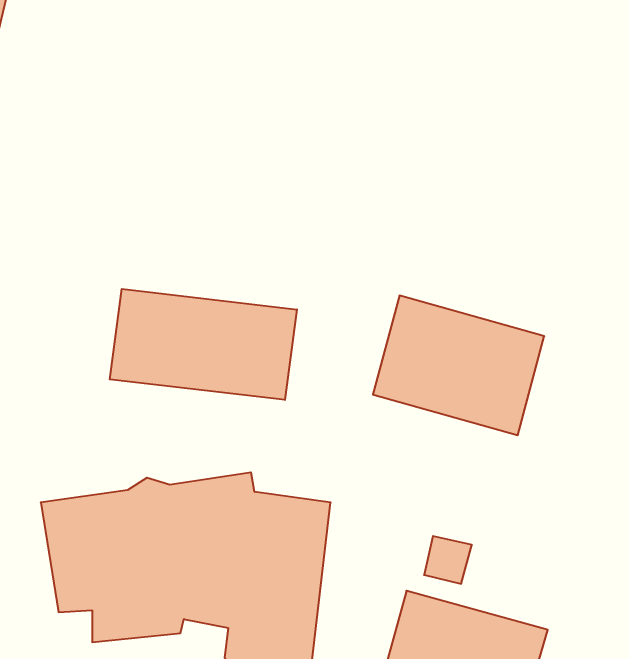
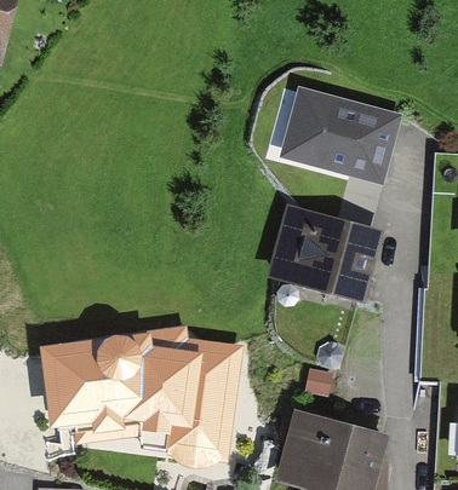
building: none -> [280,90,397,184]
building: [110,289,297,400] -> none

